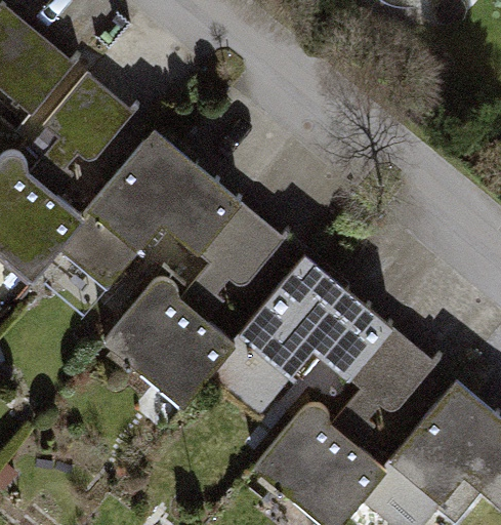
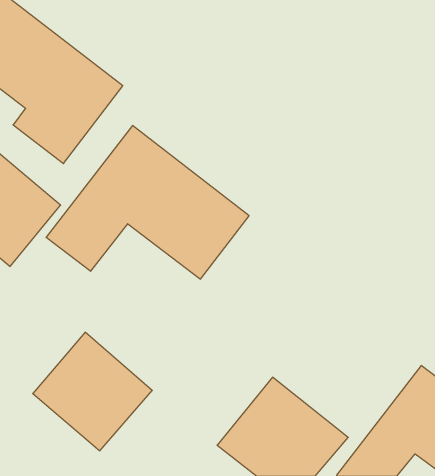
building: [217,261,435,425] -> none
building: [106,281,232,406] -> [33,332,152,451]

